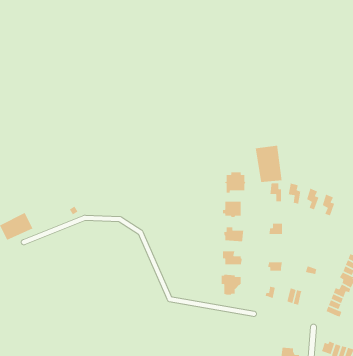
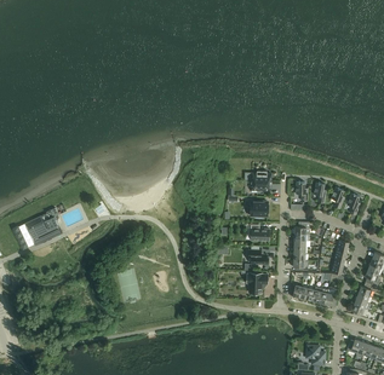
building: [255,145,282,183] -> none

